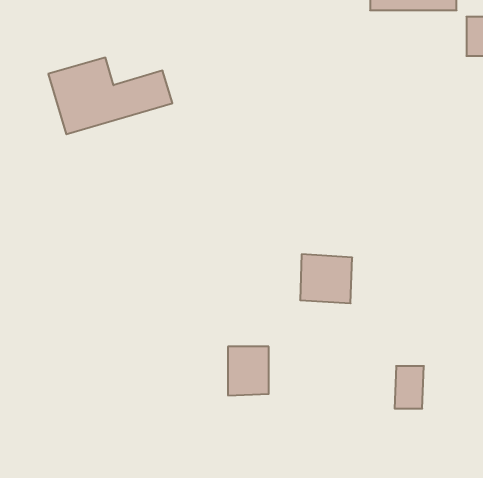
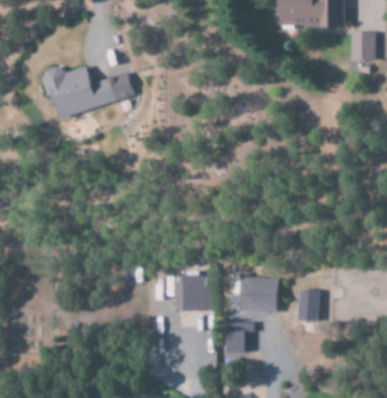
building: [300,254,352,303] -> [239,275,278,311]
building: none -> [225,321,254,352]

